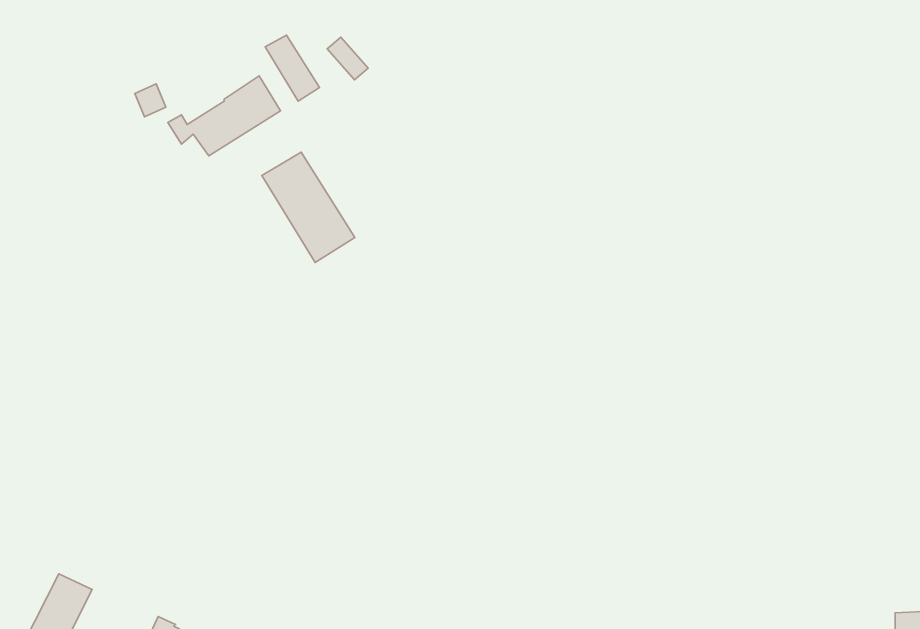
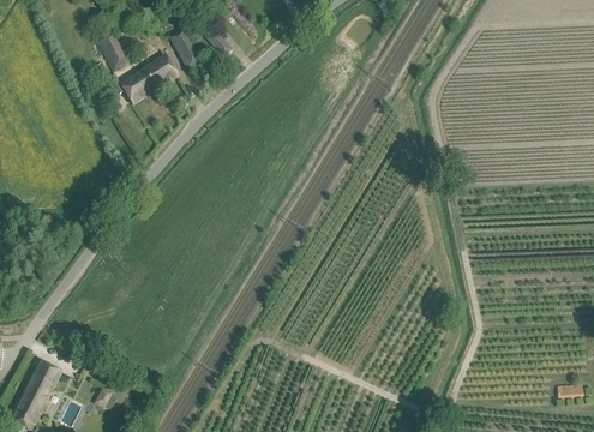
building: none -> [96,30,128,71]
building: [262,152,355,263] -> none

